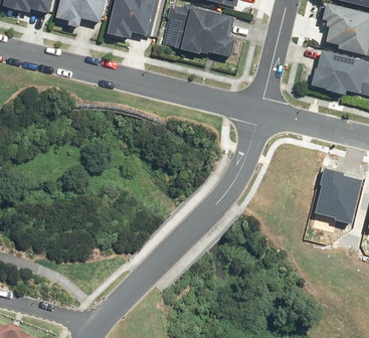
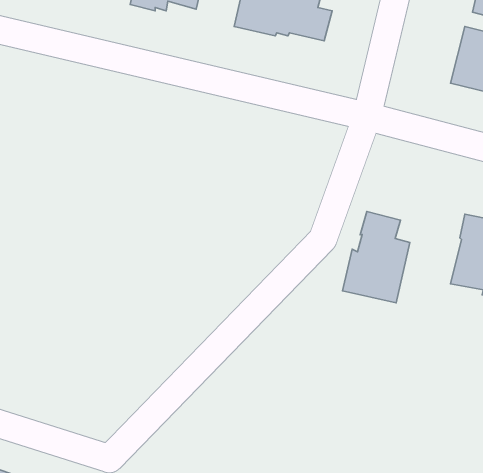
building: none -> [342,211,410,303]

